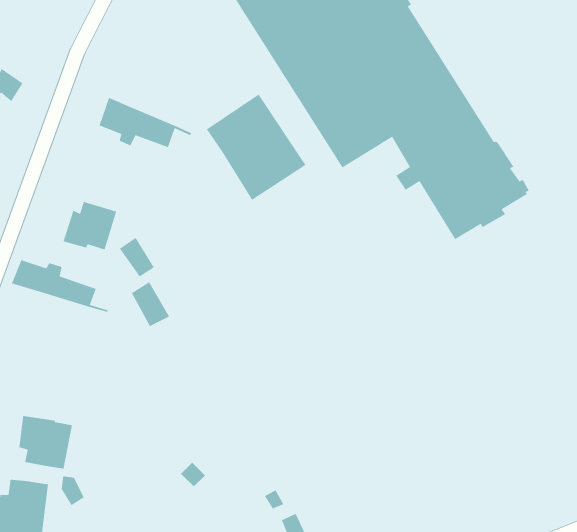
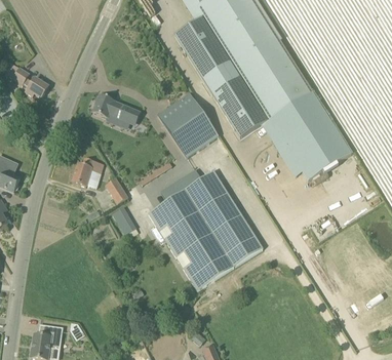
building: none -> [149,170,263,289]
building: [11,259,109,313] -> none
building: [18,415,73,469] -> none

